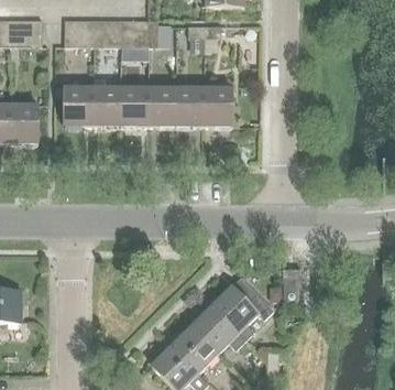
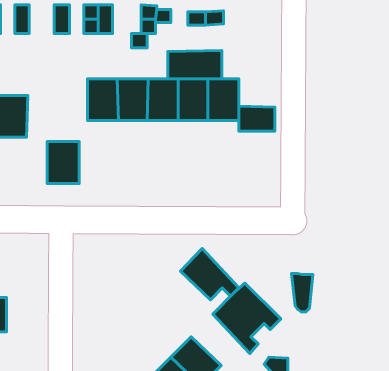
building: none -> [168,50,222,79]
building: [64,87,94,126] -> [47,142,79,183]
building: none -> [239,106,275,131]
building: [189,304,243,351] -> [181,248,239,300]

